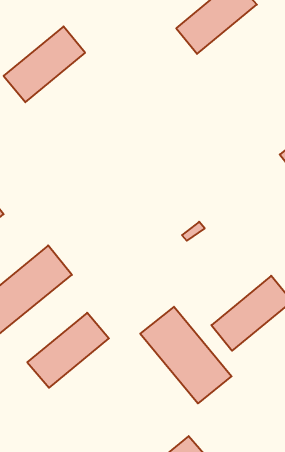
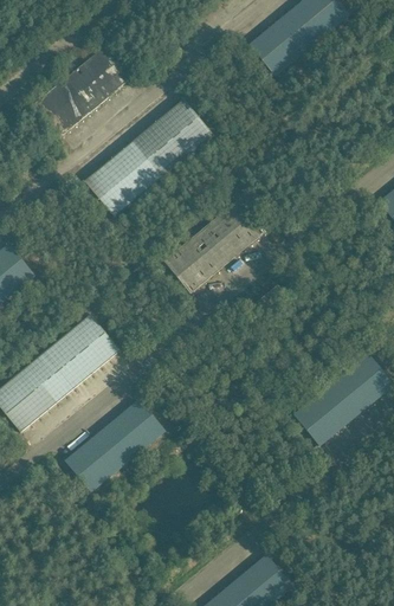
building: none -> [84,99,213,218]
building: none -> [164,200,265,294]
building: [140,307,232,403] -> none

